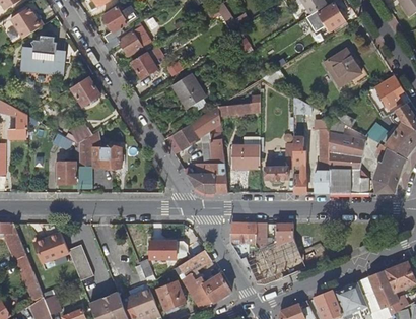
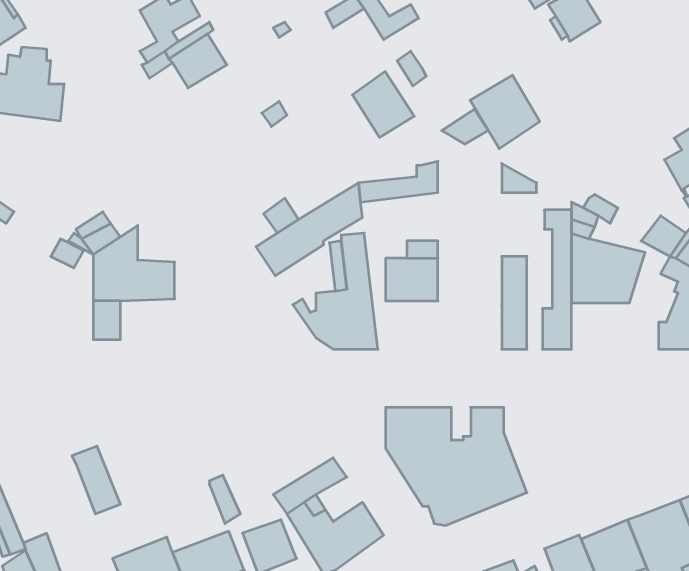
building: [132,46,164,77] -> none
building: [323,47,359,85] -> [470,75,540,149]
building: [172,72,205,107] -> [352,72,414,137]
building: [71,76,98,105] -> none
building: [265,151,292,178] -> none
building: [56,161,76,183] -> none
building: [329,168,367,192] -> none
building: [33,233,69,263] -> none
building: [150,240,187,257] -> none

